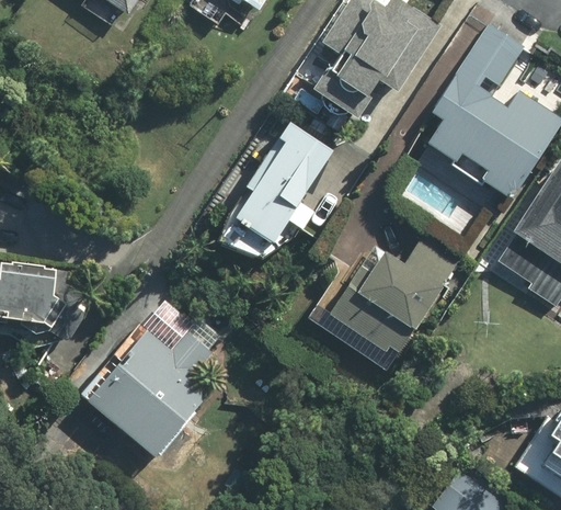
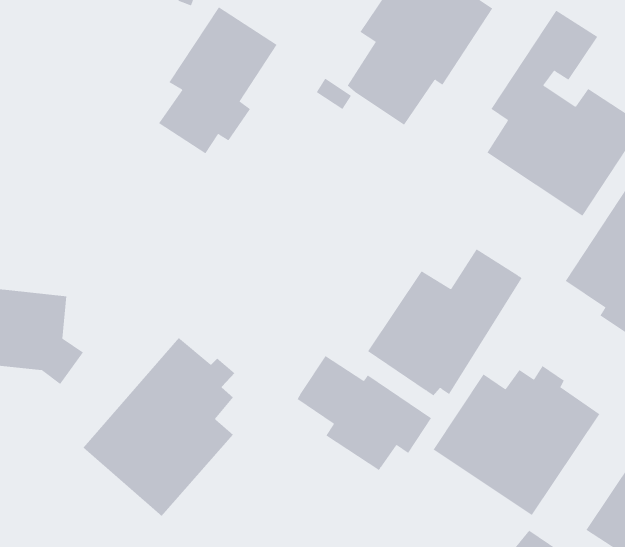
building: [232,123,334,249] -> [158,6,278,154]
building: none -> [297,355,432,471]
building: none -> [433,365,600,516]

